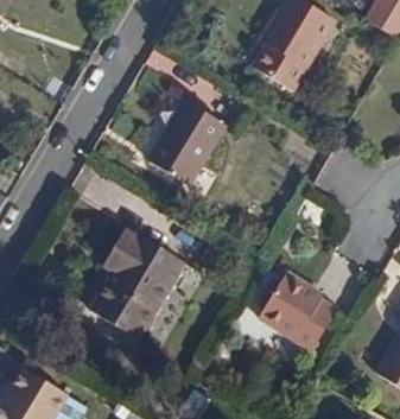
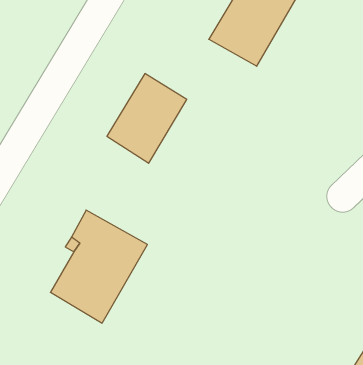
building: [258,272,335,349] -> none

